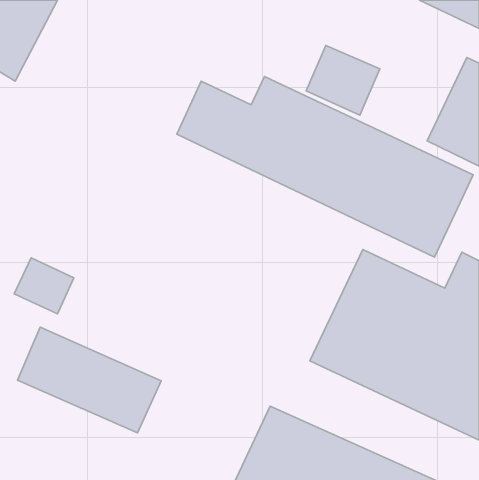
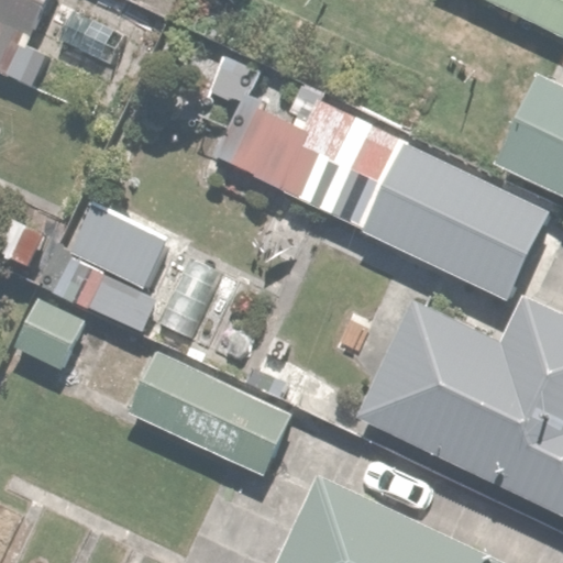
building: none -> [43,201,196,338]
building: [18,327,161,433] -> [130,351,297,474]

